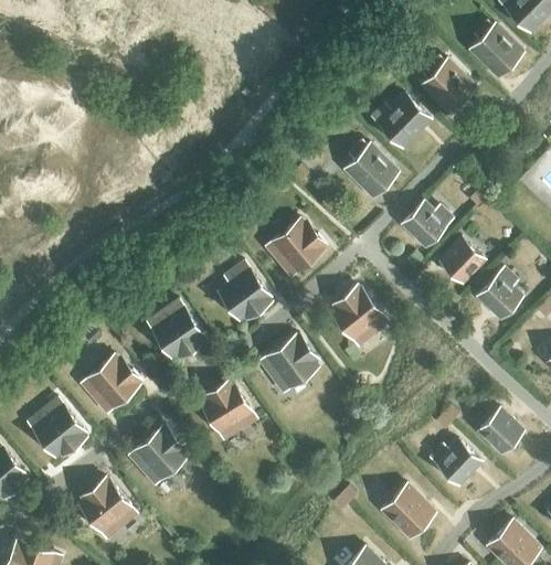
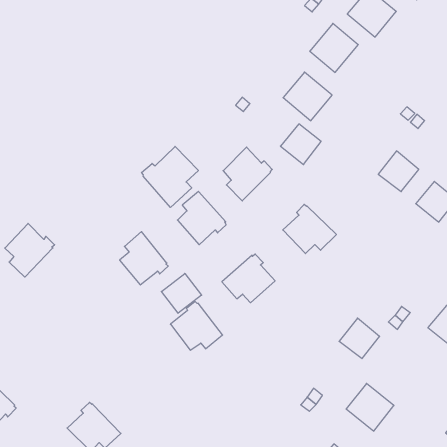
building: [402,203,446,247] -> [280,124,321,165]
building: none -> [142,146,198,207]
building: none -> [161,273,202,313]
building: [87,355,141,413] -> [5,223,55,277]
building: [33,398,86,456] -> none
building: [129,426,187,479] -> none
building: [436,440,480,484] -> [339,318,380,359]

